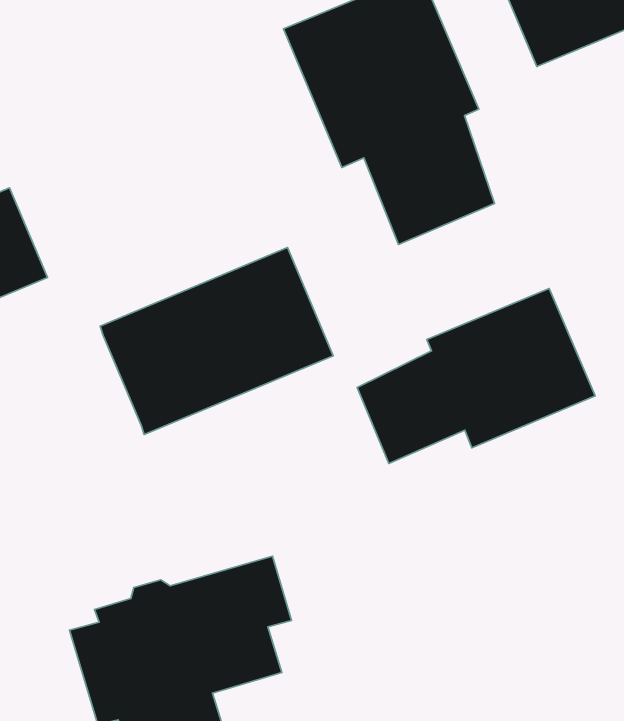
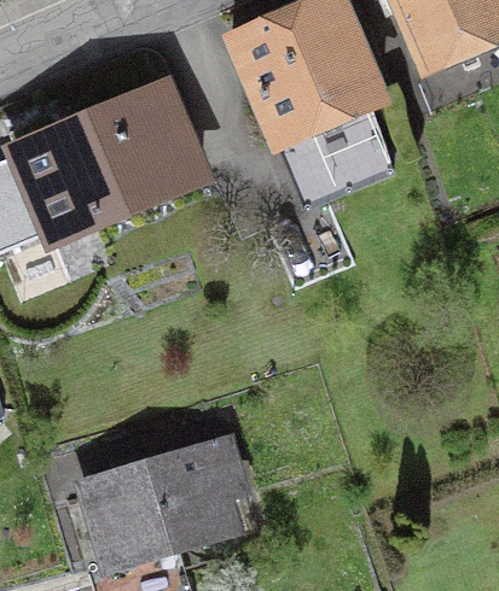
building: [100,247,333,435] -> [18,88,197,232]
building: [357,289,595,464] -> none

